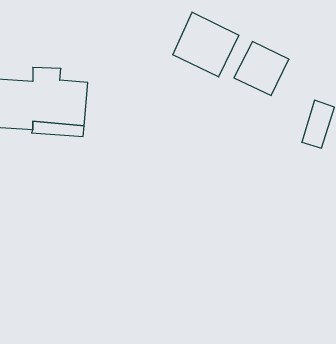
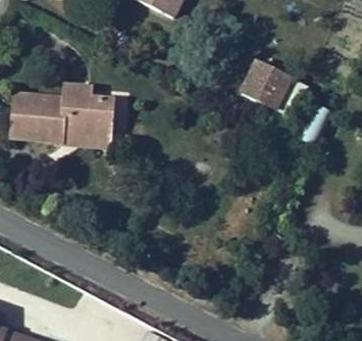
building: [173,12,239,77] -> none

